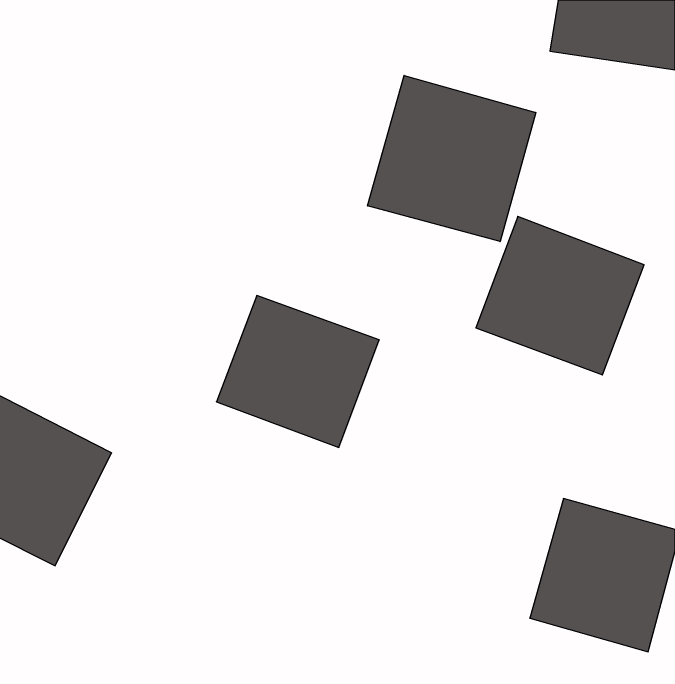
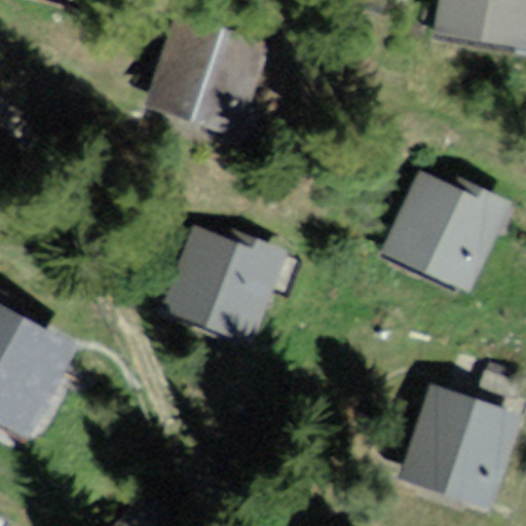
building: none -> [156,11,276,126]
building: [368,75,536,242] -> none

